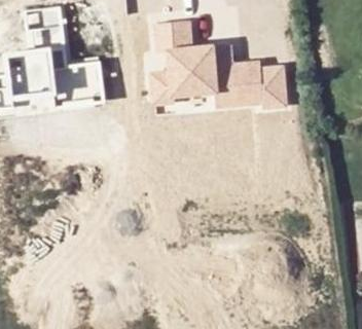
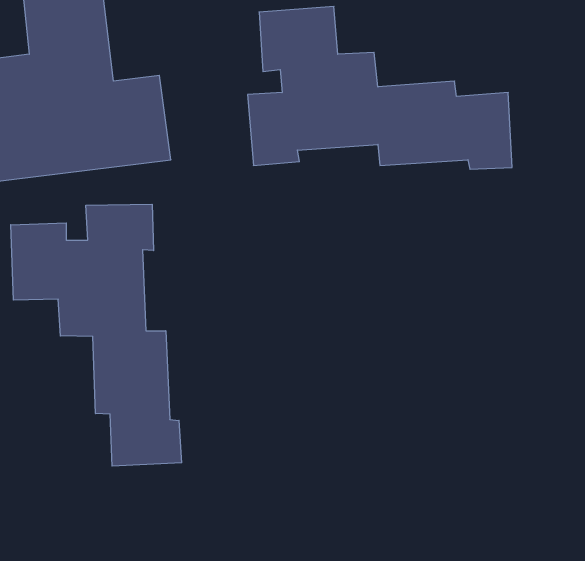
building: none -> [11,204,182,466]

